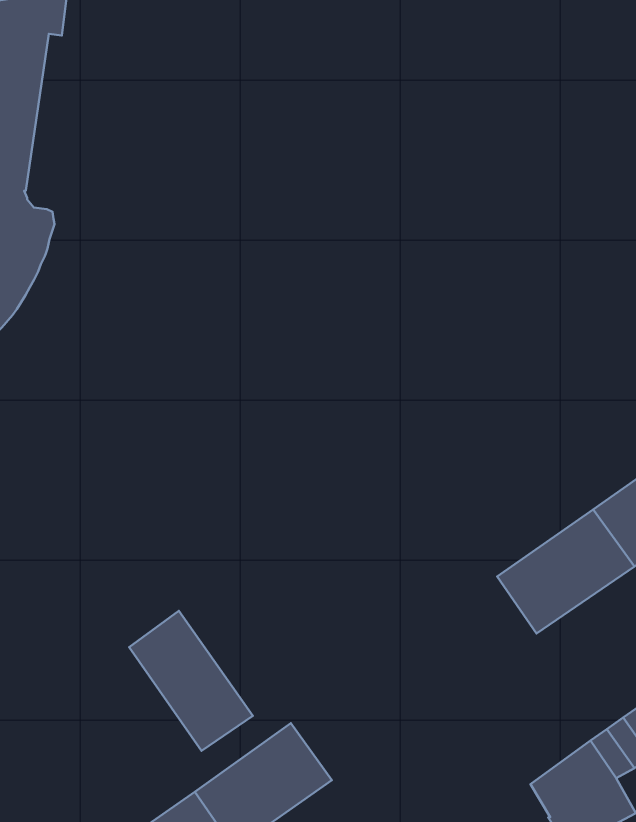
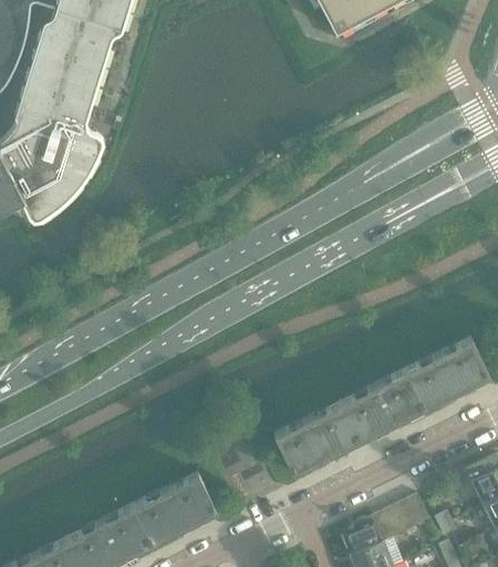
building: none -> [274,402,360,474]
building: [129,611,253,751] -> none

